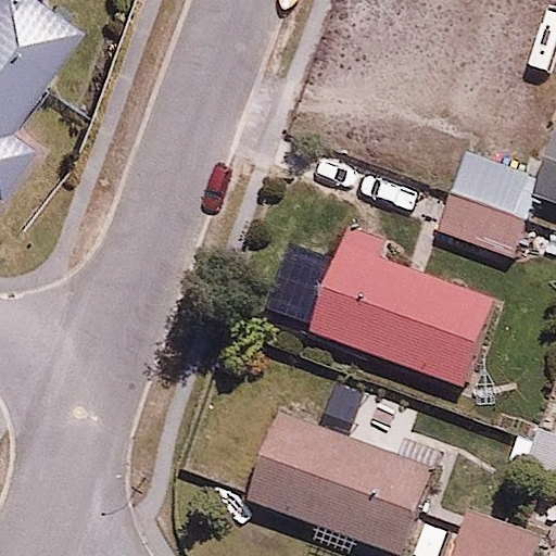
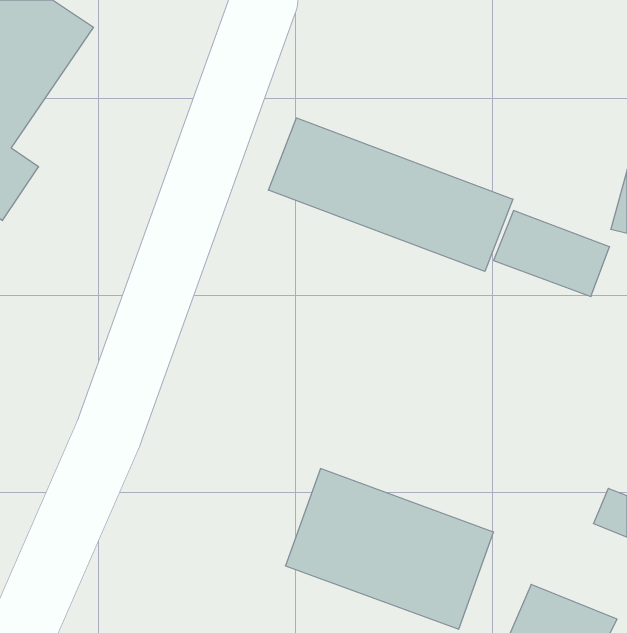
building: none -> [268,118,513,271]
building: [305,235,497,388] -> none

